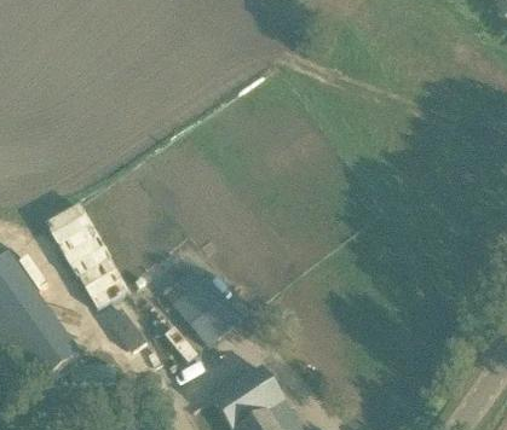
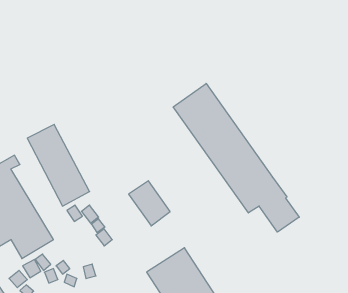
building: none -> [173,83,299,232]

